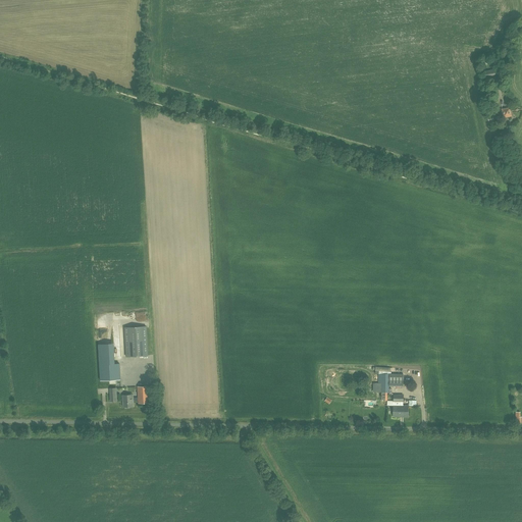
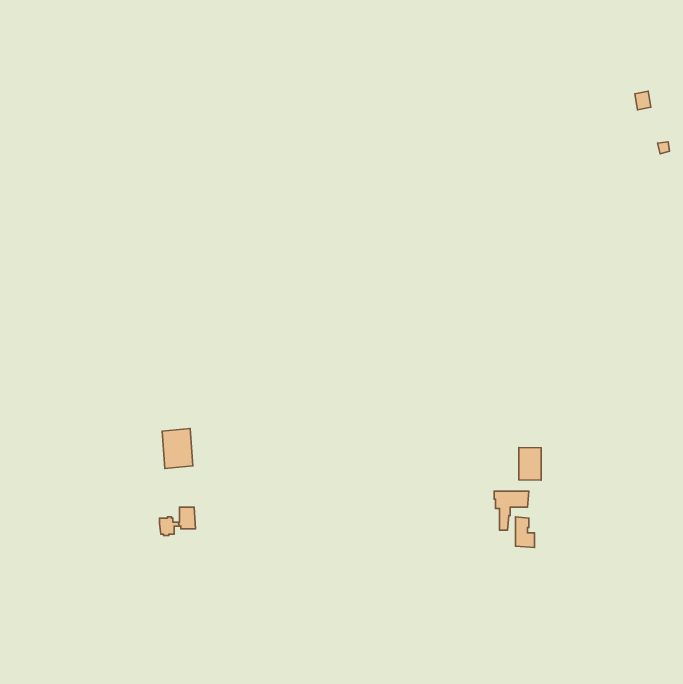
building: none -> [519,447,541,480]
building: [98,344,119,380] -> none

